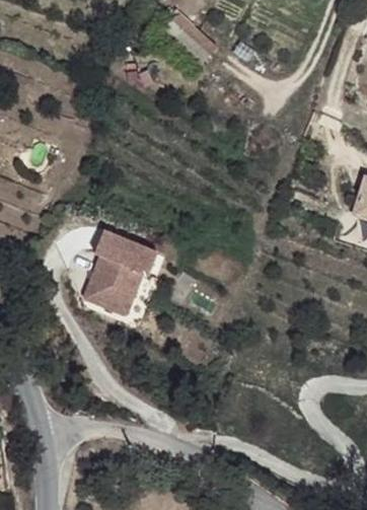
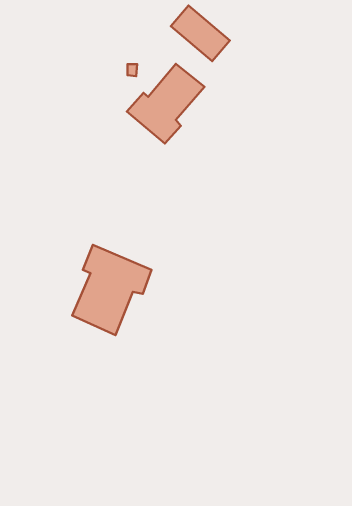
building: none -> [127,64,205,143]

